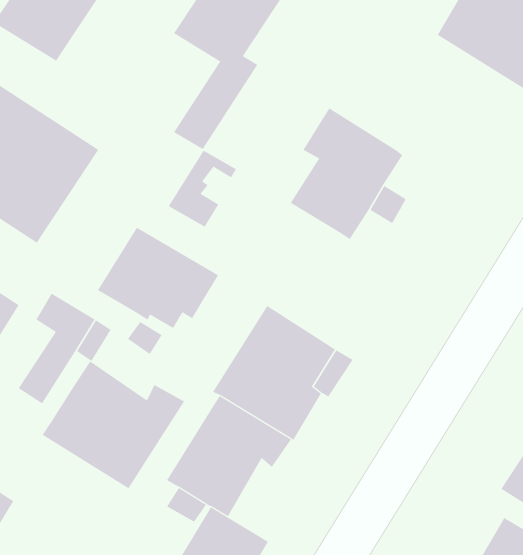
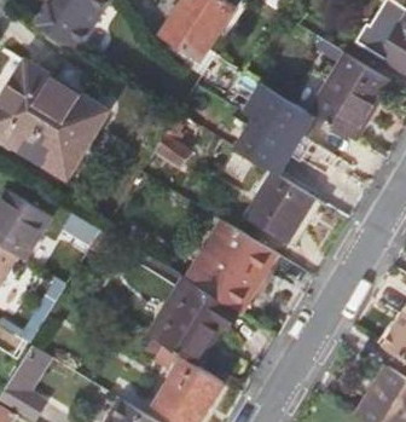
building: none -> [309,56,389,140]
building: [97,227,219,329] -> none
building: none -> [242,170,320,248]
building: [42,360,185,489] -> none

